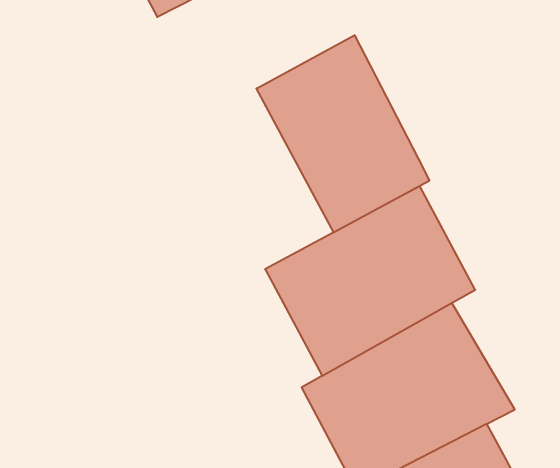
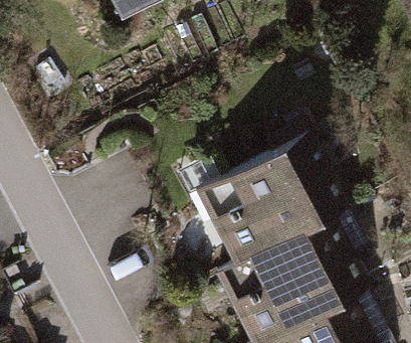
building: [256,35,429,232] -> none

